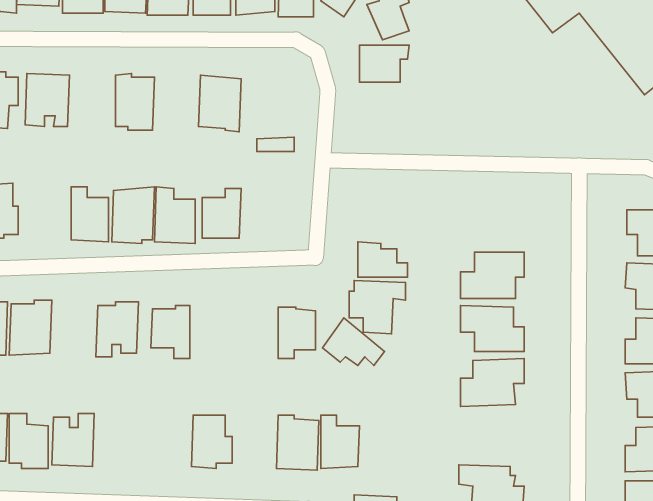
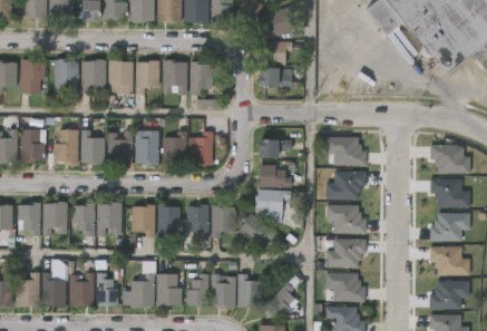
building: none -> [79,59,106,95]
building: none -> [134,61,159,105]
building: none -> [189,61,212,96]
building: none -> [259,68,292,87]
building: none -> [53,130,78,164]
building: none -> [189,132,214,165]
building: none -> [325,137,362,166]
building: none -> [259,139,291,159]
building: none -> [72,204,95,237]
building: none -> [157,205,181,238]
building: none -> [186,205,208,237]
building: none -> [96,273,118,305]
building: none -> [325,273,362,302]
building: none -> [130,274,155,308]
building: none -> [186,274,208,306]
building: none -> [264,283,295,322]

